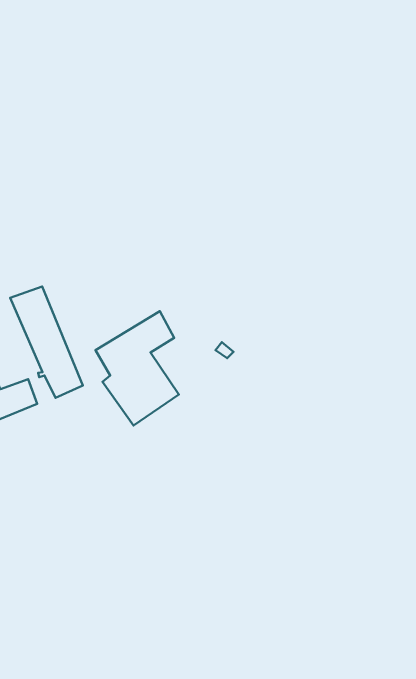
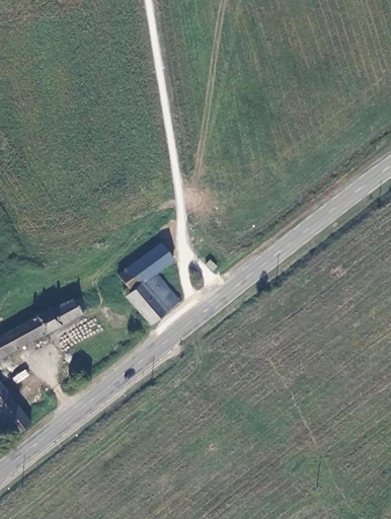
building: [10,287,83,398] -> none

